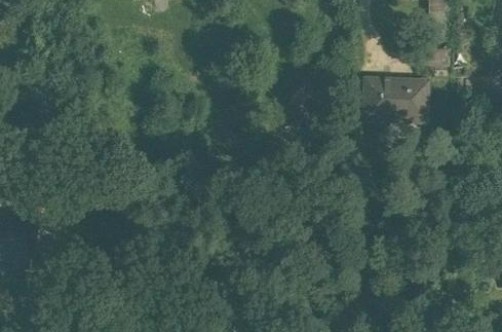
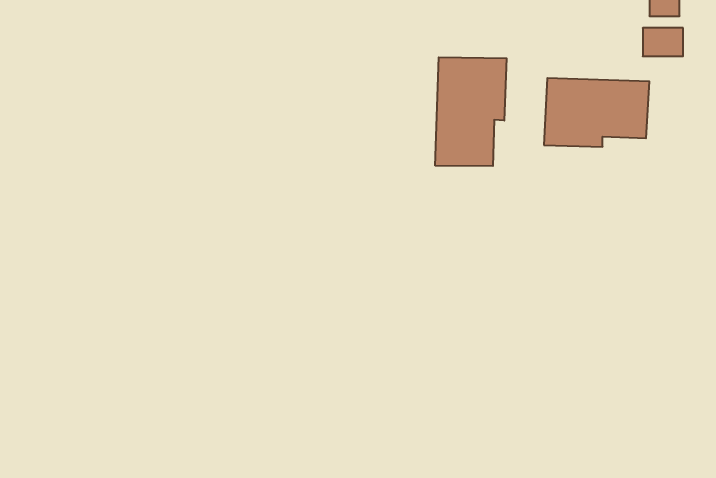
building: none -> [435,57,507,166]

